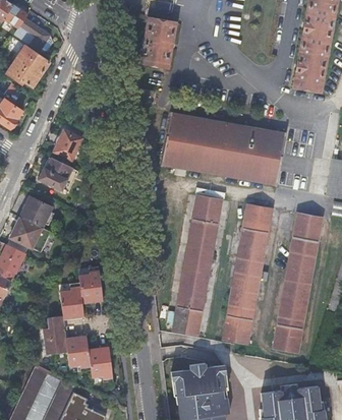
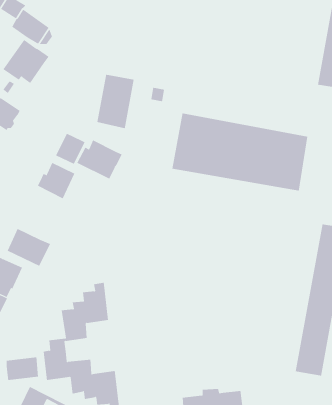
building: [140,18,175,68] -> [96,74,135,129]
building: none -> [76,139,122,180]
building: [173,195,222,335] -> none
building: [20,196,52,228] -> none
building: [223,204,272,343] -> none
building: none -> [6,357,38,381]

